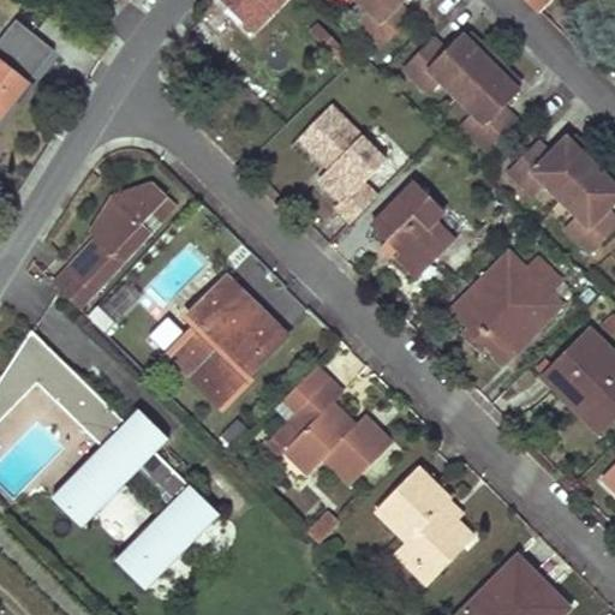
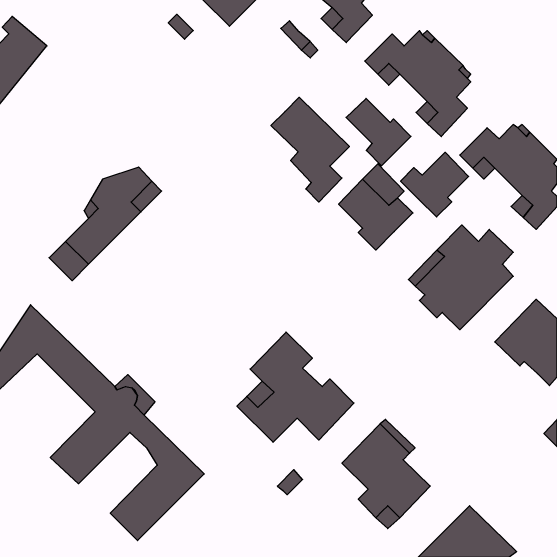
building: none -> [346,98,411,166]
building: none -> [401,152,469,217]
building: [171,274,288,405] -> none

